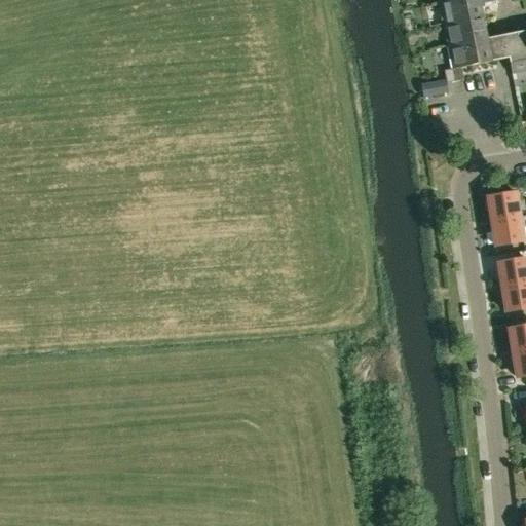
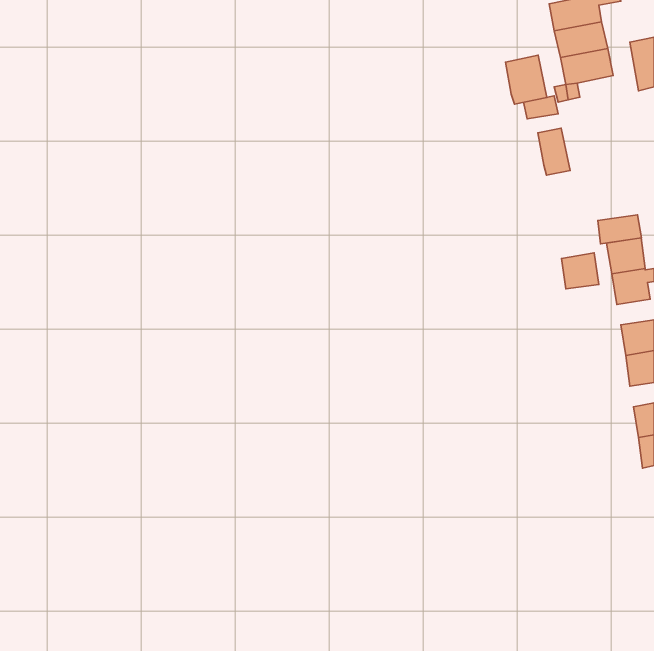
building: none -> [506,55,547,104]
building: none -> [538,128,570,175]
building: none -> [598,215,642,244]
building: none -> [561,253,599,289]

